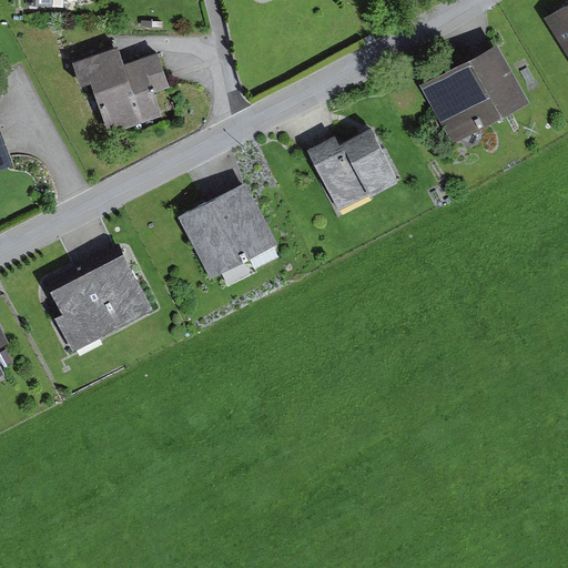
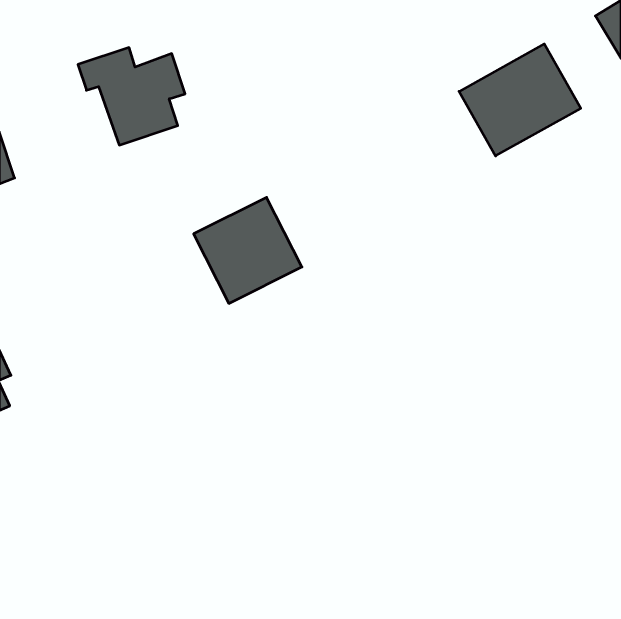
building: [306,128,397,211] -> none
building: [49,251,153,353] -> none

